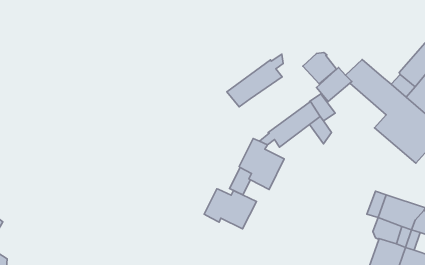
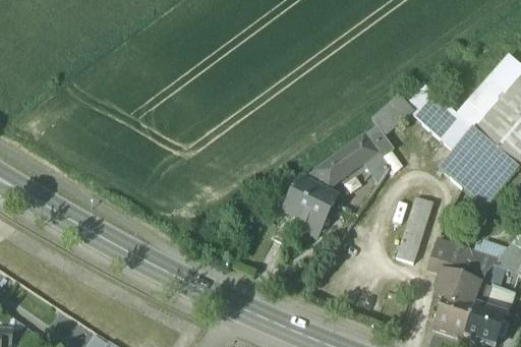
building: [303,53,337,84] -> none
building: [227,54,283,107] -> none
building: none -> [396,193,435,259]
building: [204,189,257,229] -> none

